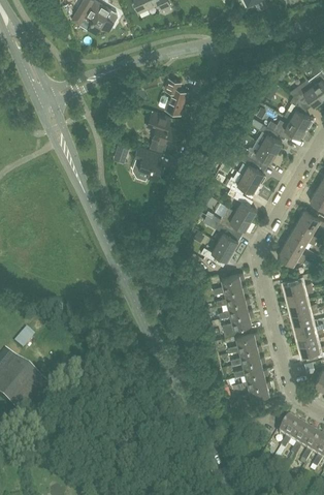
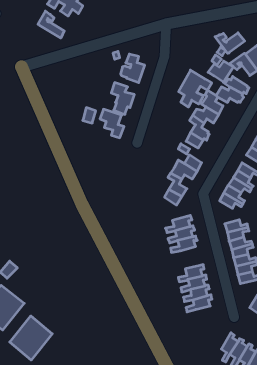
building: none -> [38,11,64,38]
building: none -> [215,33,245,53]
building: none -> [208,61,233,82]
building: none -> [179,70,212,107]
building: [222,309,253,336] -> none
building: [240,380,271,406] -> none
building: none -> [10,316,52,360]

